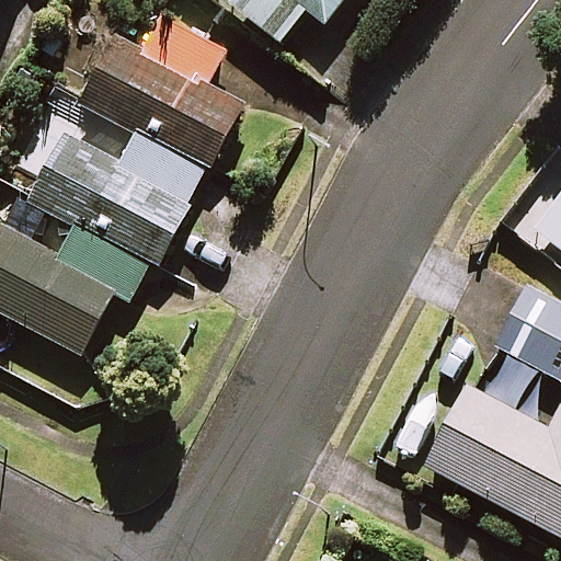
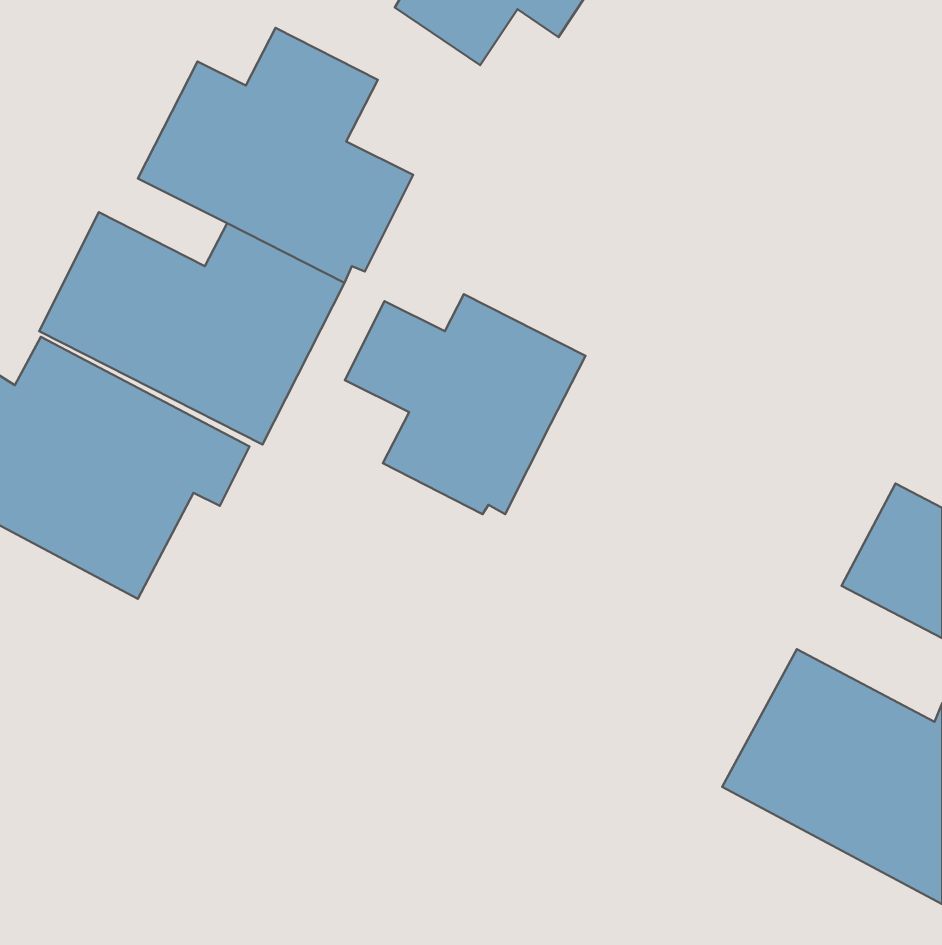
building: none -> [345,294,586,514]

